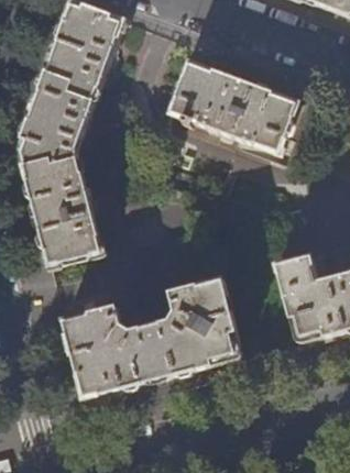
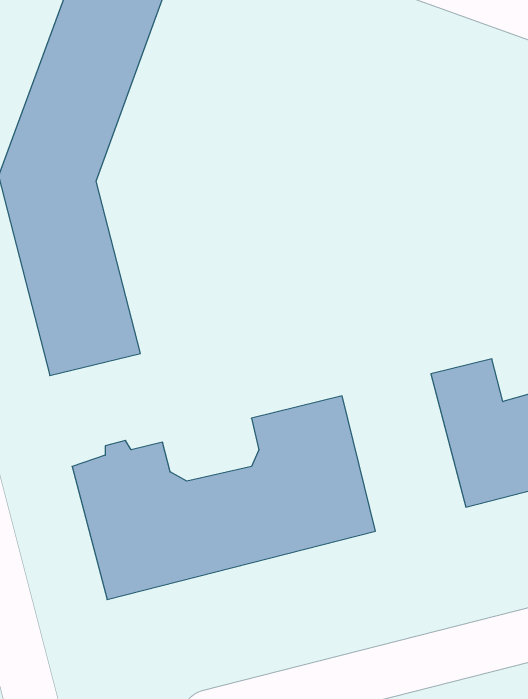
building: [168,62,297,153] -> none

